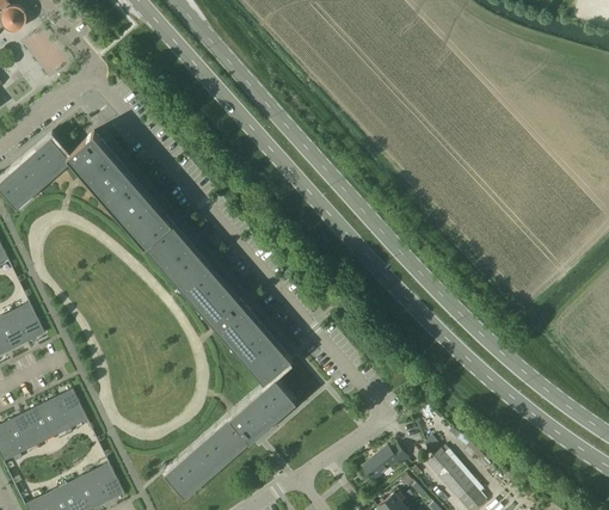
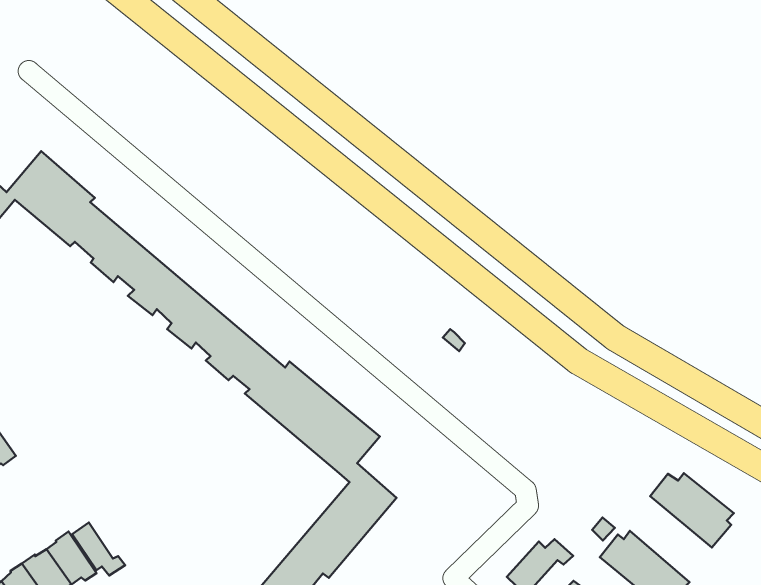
building: none -> [72,522,125,575]
building: none -> [650,473,734,547]

